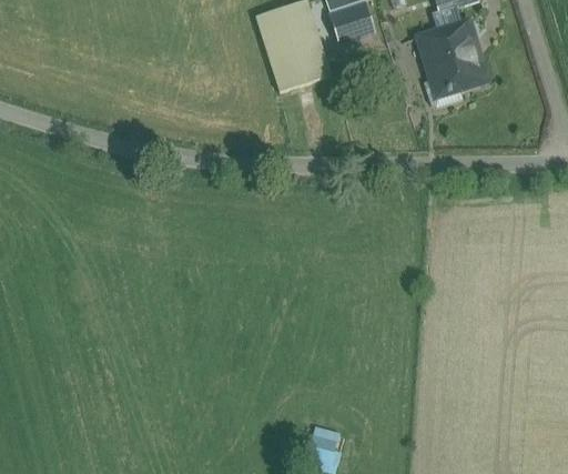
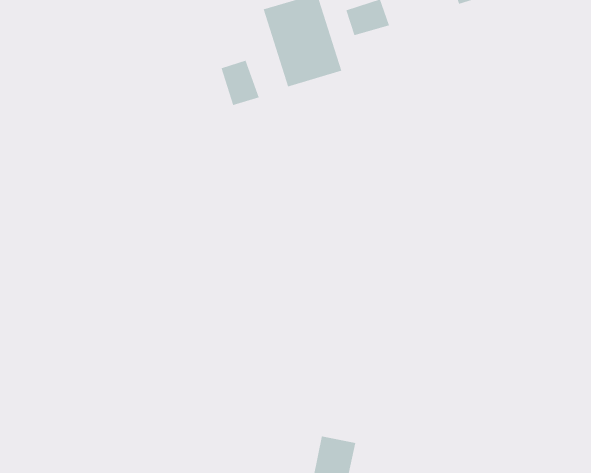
building: [416,21,485,107] -> none
building: none -> [221,60,259,106]

